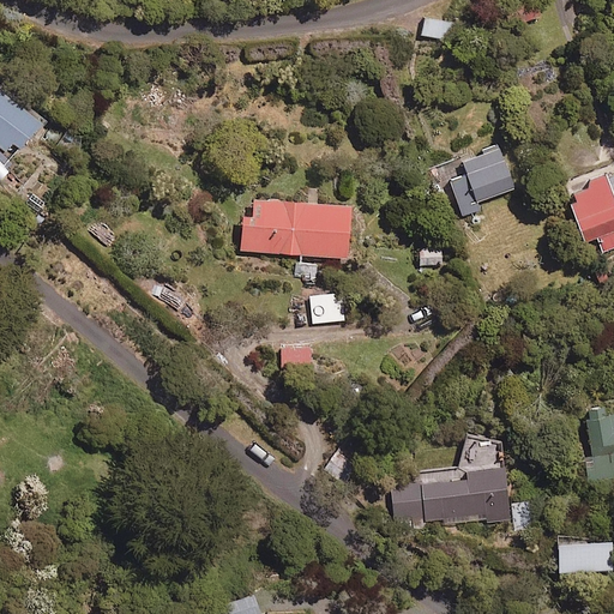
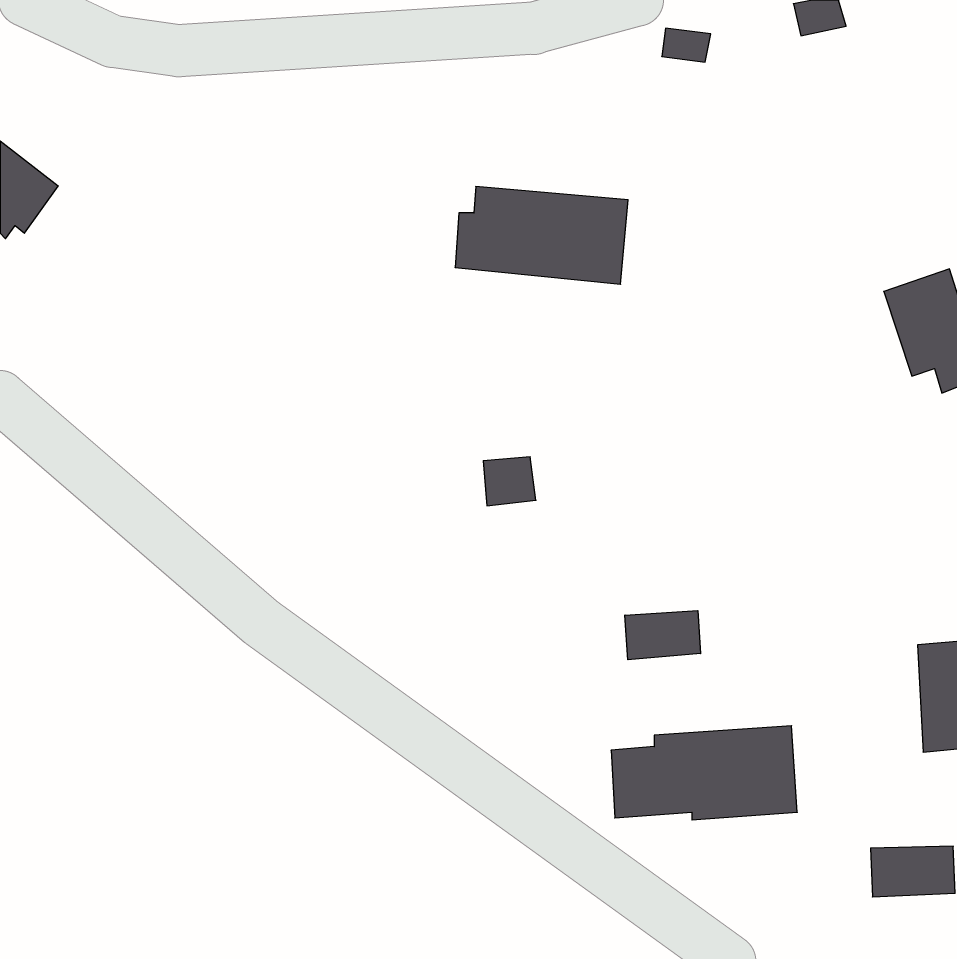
building: [450,148,516,217] -> none
building: [241,198,351,260] -> [455,187,628,284]
building: none -> [625,611,701,660]

